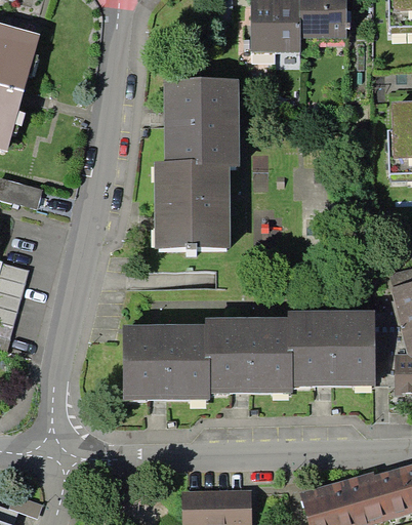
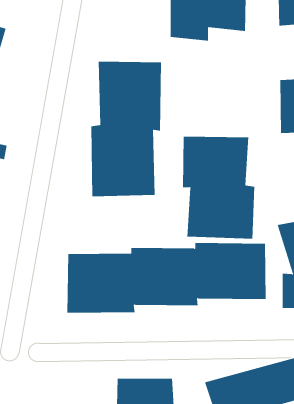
building: none -> [183,136,255,240]

